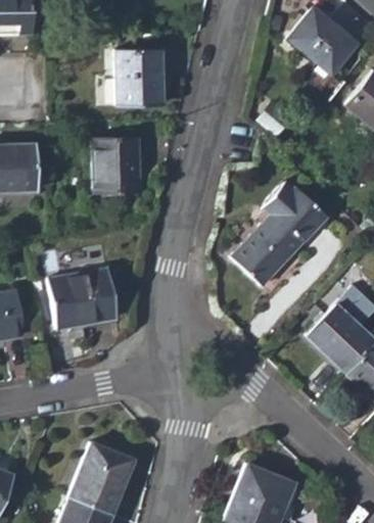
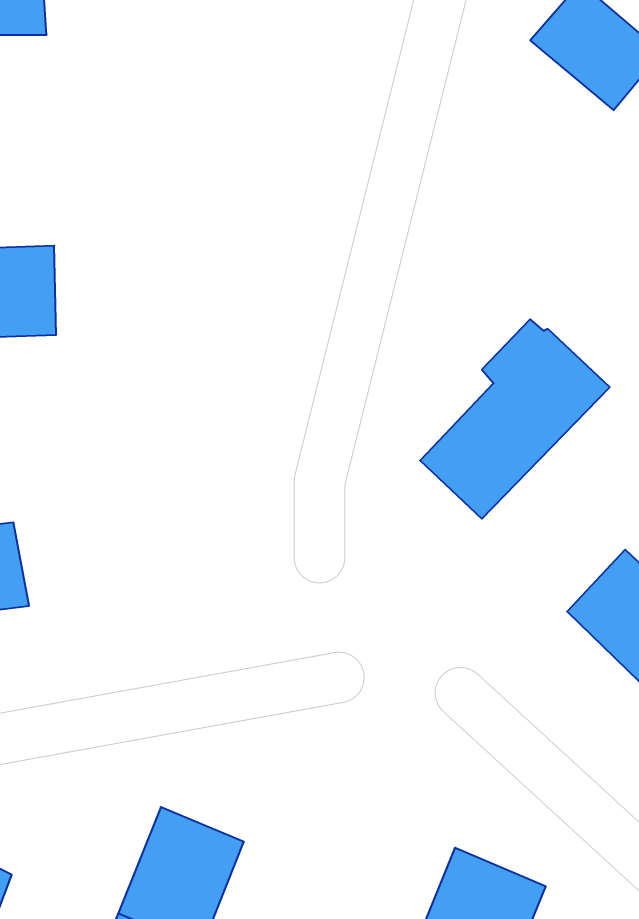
building: [114,50,162,107] -> none
building: [94,138,140,193] -> none
building: [49,266,115,327] -> none

